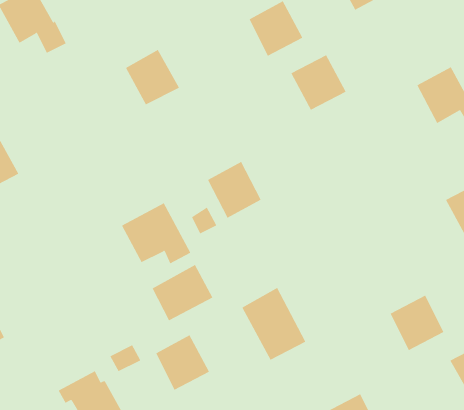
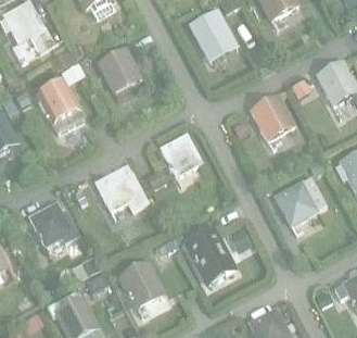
building: [291,55,346,111] -> [251,97,293,139]
building: none -> [37,80,82,133]
building: none -> [29,202,72,246]
building: [152,264,213,321] -> none
building: [390,295,444,351] -> [276,181,317,224]

